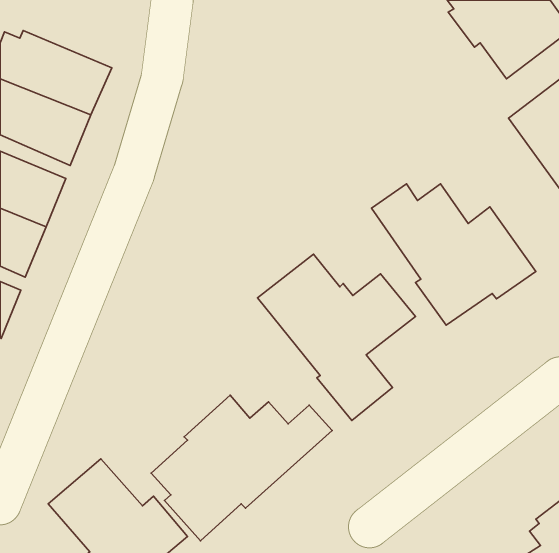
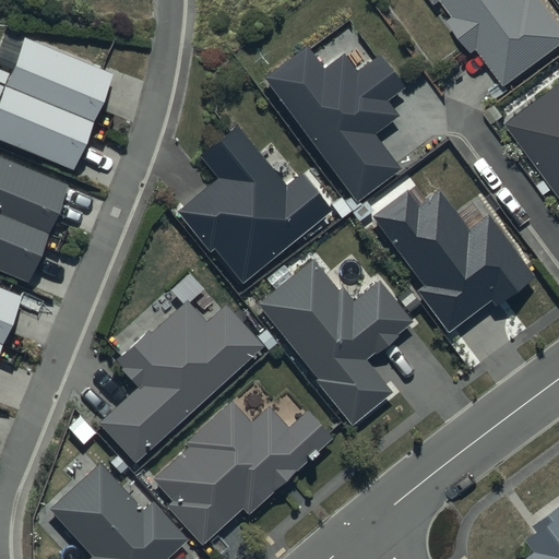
building: none -> [263,46,405,204]
building: none -> [178,123,332,283]
building: none -> [96,302,263,464]

